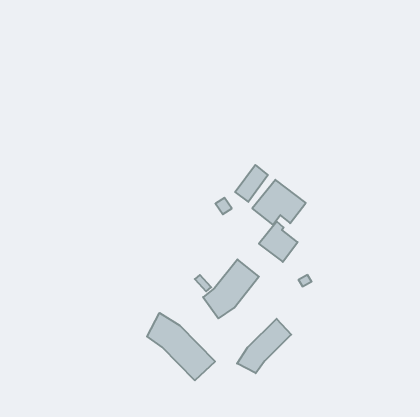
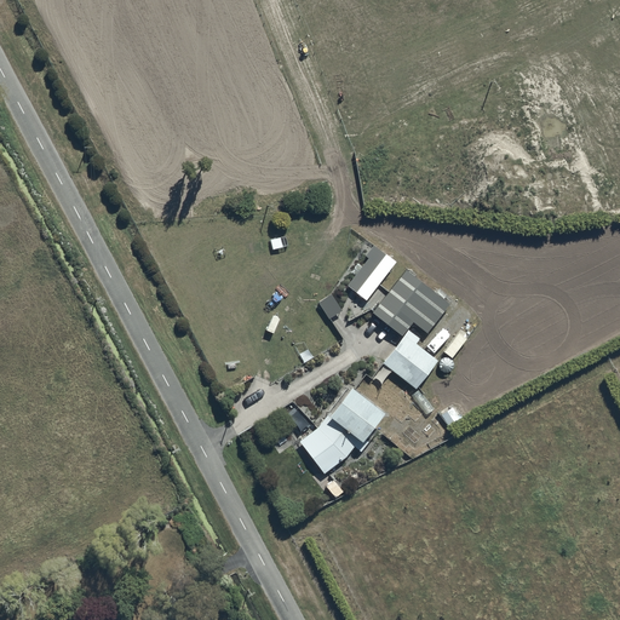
building: [147,313,215,380] -> none
building: [237,319,291,373] -> none

